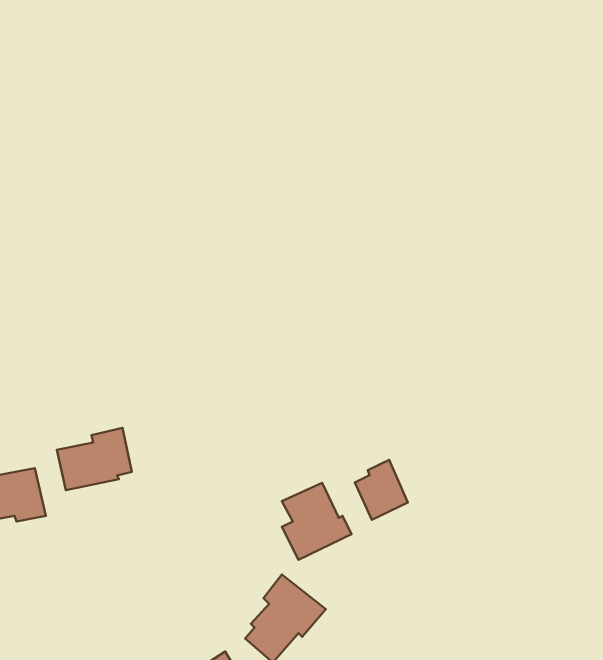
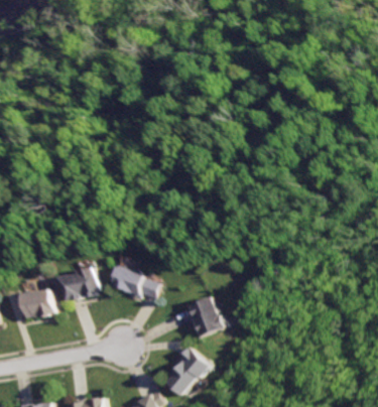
building: none -> [116,266,159,298]
building: [355,460,408,520] -> none

